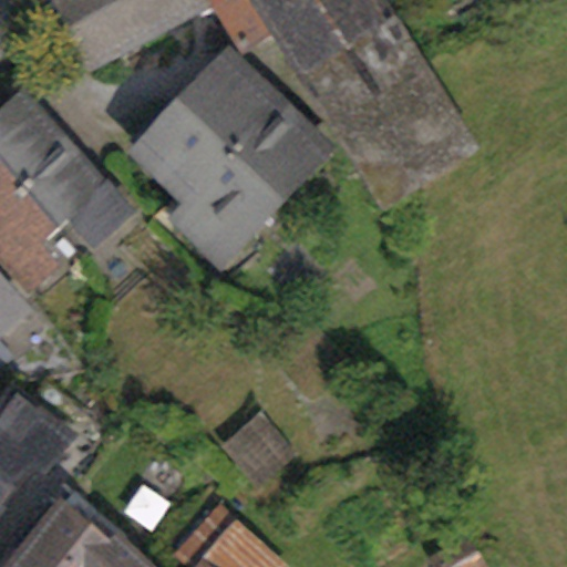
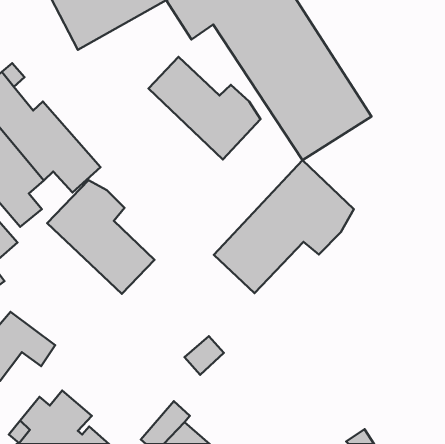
building: [132,101,282,267] -> none
building: none -> [214,160,354,293]
building: none -> [47,180,154,294]

